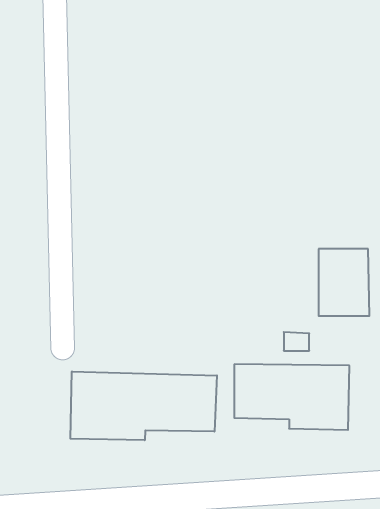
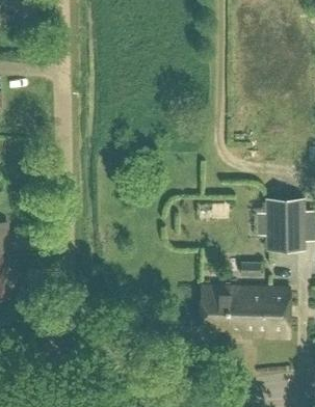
building: [70,371,217,440] -> none

